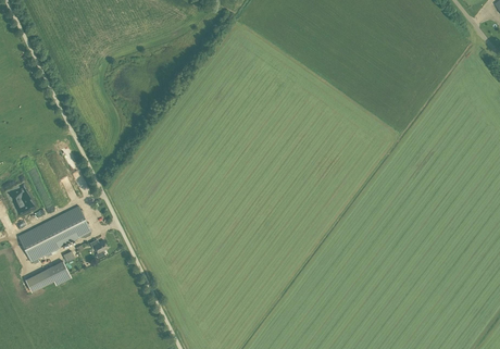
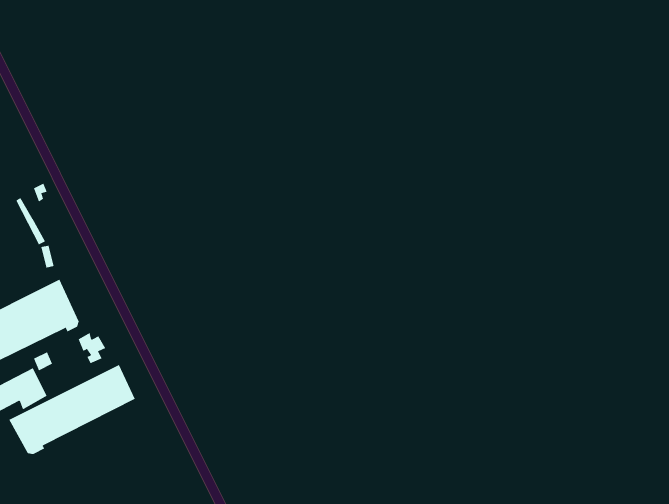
building: none -> [8,364,136,455]

